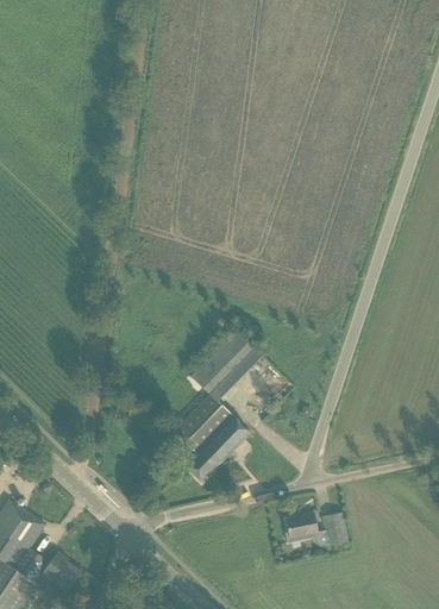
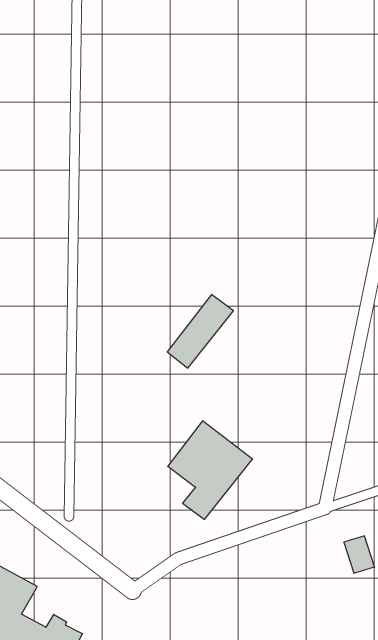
building: [190,331,253,394] -> [167,295,233,368]
building: [284,514,318,544] -> none

